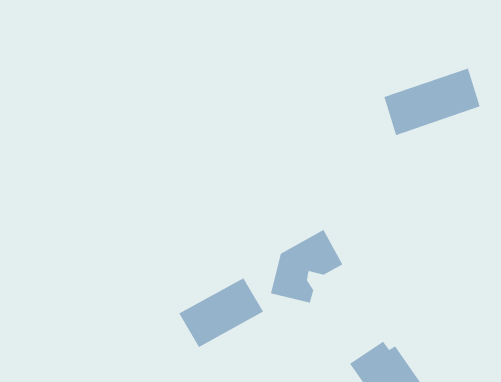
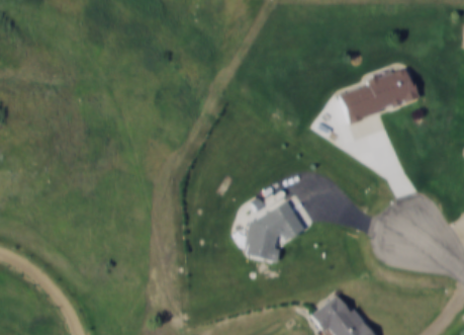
building: [179,277,264,348] -> none

